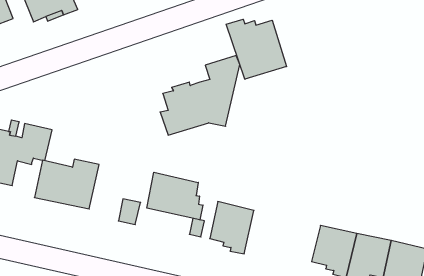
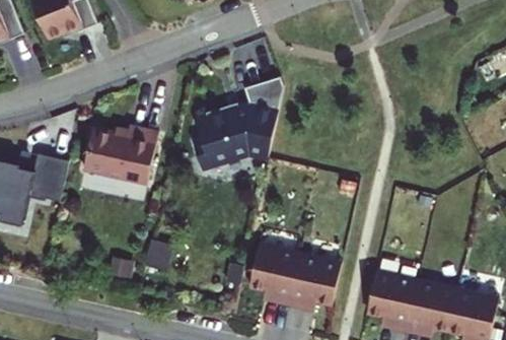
building: [226,19,287,79] -> none
building: [34,159,99,209] -> [82,126,156,183]
building: [147,172,203,220] -> none
building: none -> [288,254,341,308]

